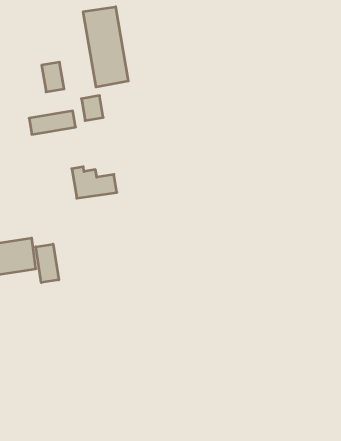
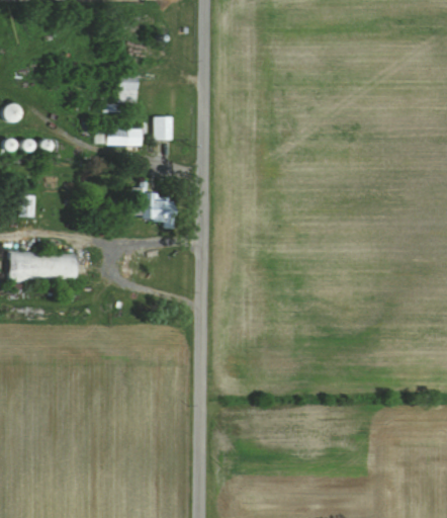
building: [83,7,128,87] -> none
building: [36,244,59,283] -> none

